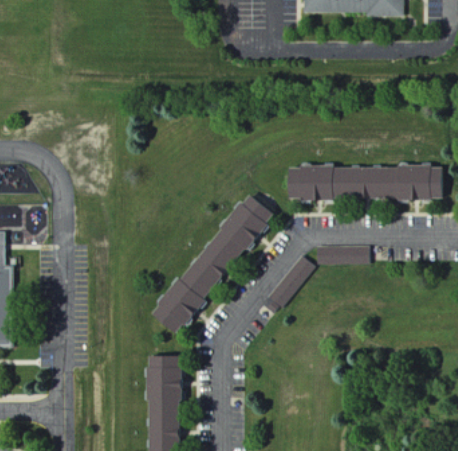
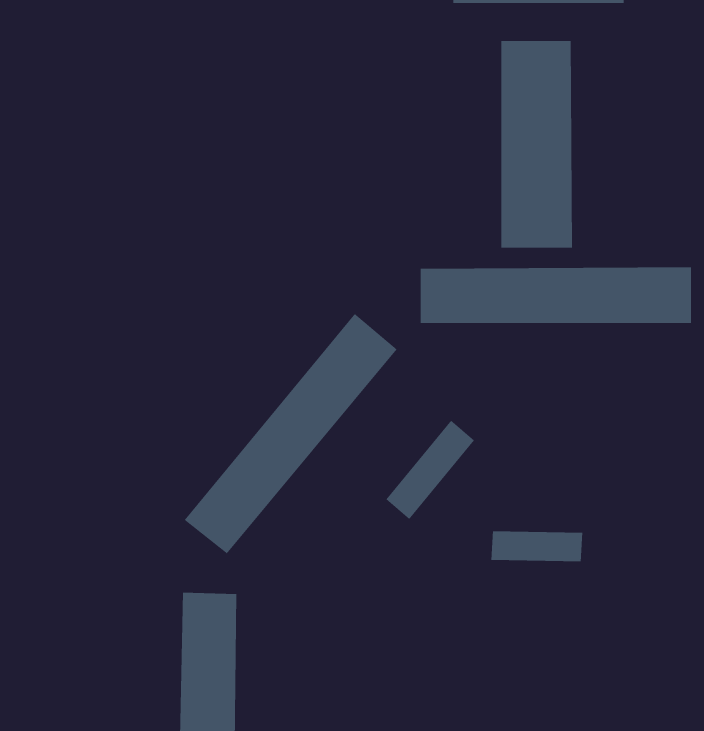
building: none -> [501,40,572,248]
building: [317,247,371,265] -> [490,531,583,562]

